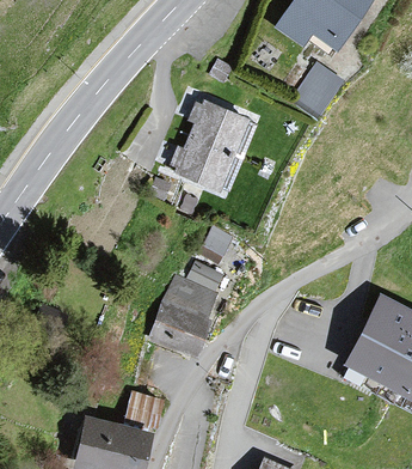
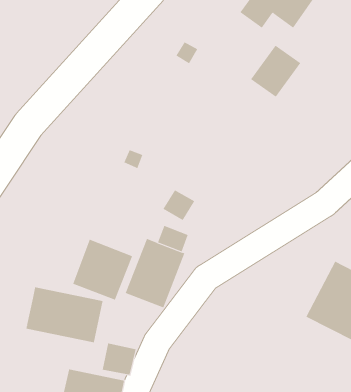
building: [168,100,247,189] -> none
building: none -> [73,239,133,300]
building: none -> [26,286,103,343]

